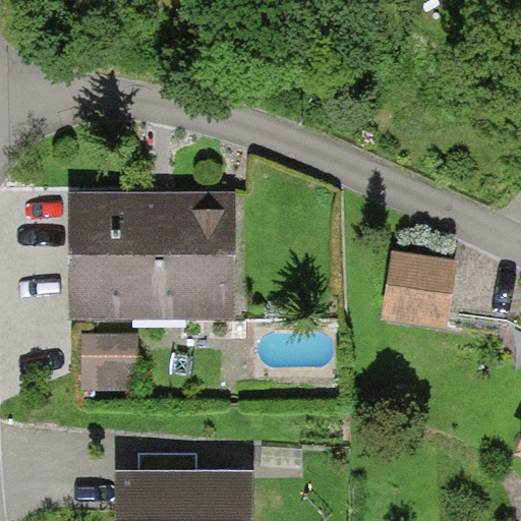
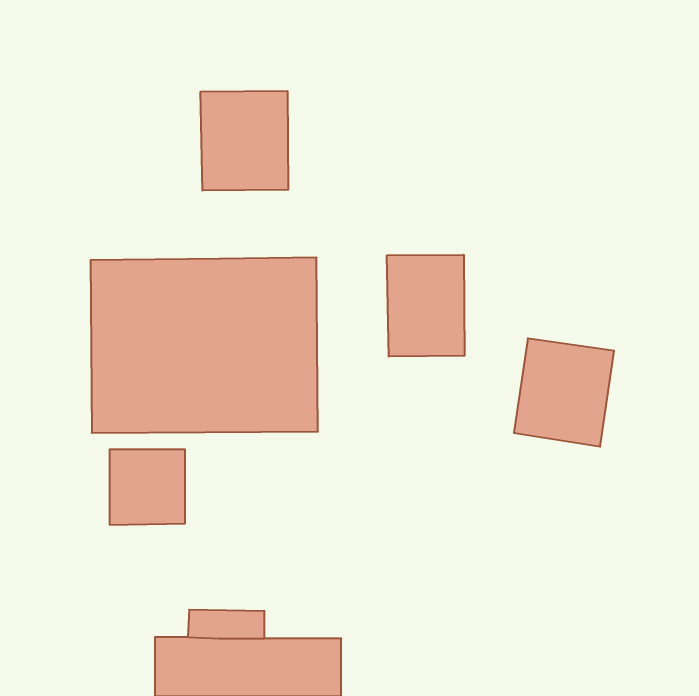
building: none -> [201,91,288,191]
building: none -> [387,255,465,357]

